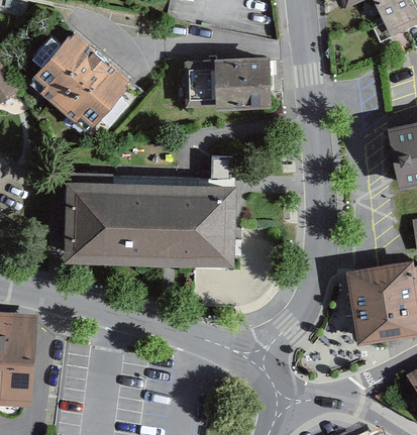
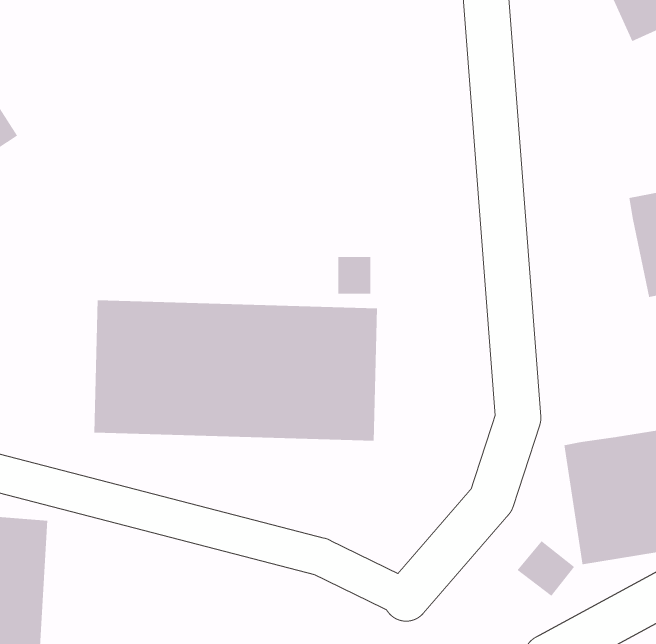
building: [32,21,131,119] -> none
building: [184,50,271,104] -> none

